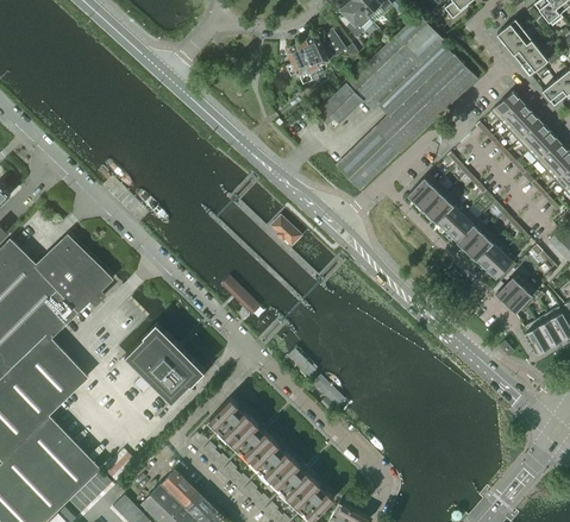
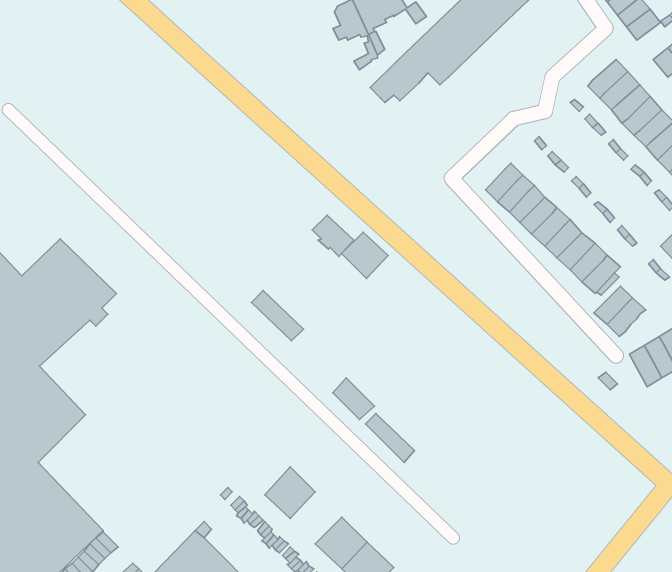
building: [334,54,477,191] -> none
building: none -> [342,232,388,278]
building: [124,323,202,402] -> none
building: [208,398,250,441] -> none
building: [250,439,292,480] -> none

